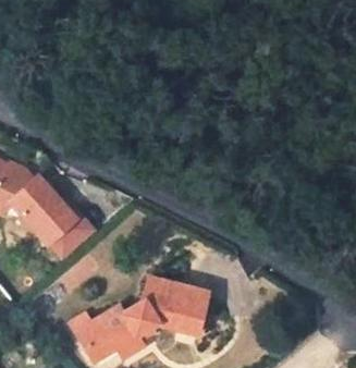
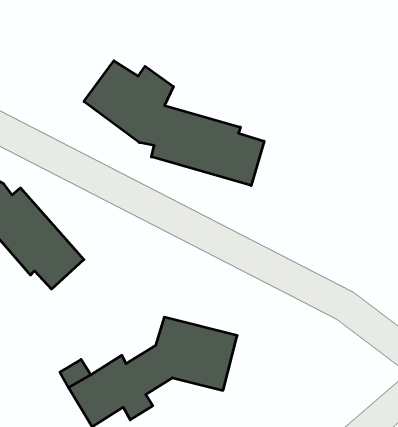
building: none -> [84,61,264,186]

